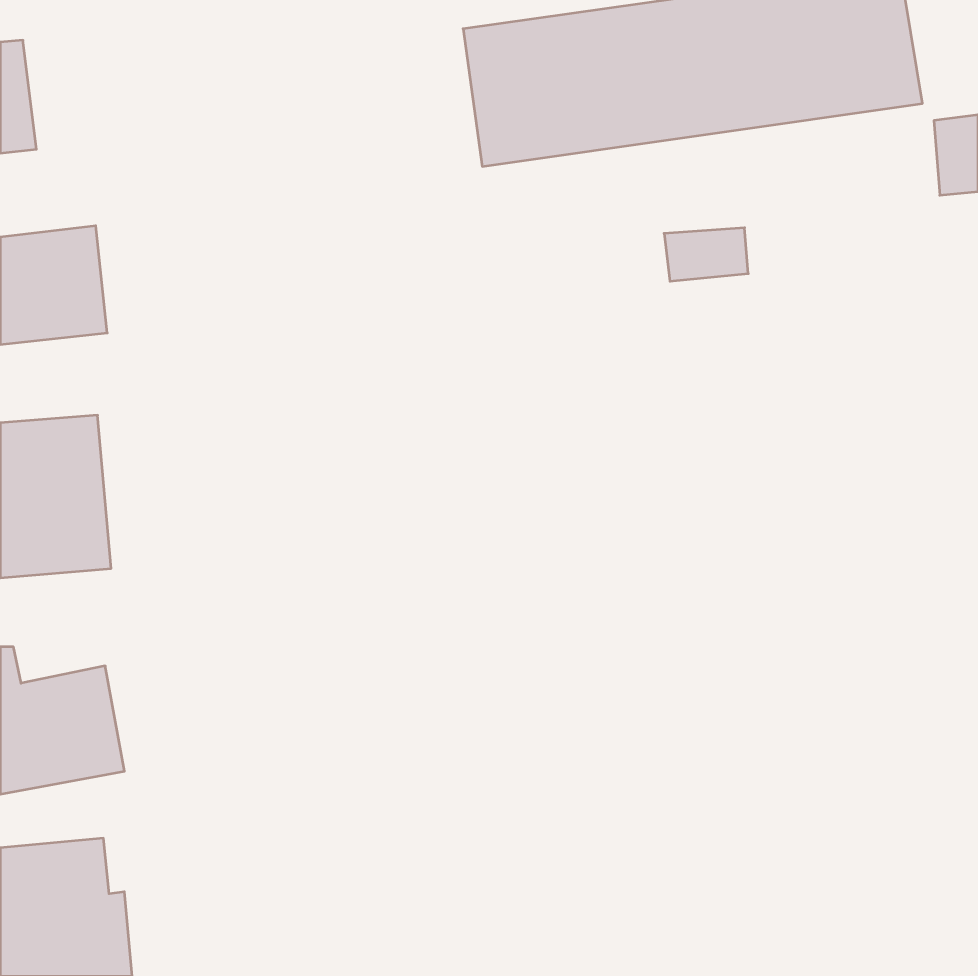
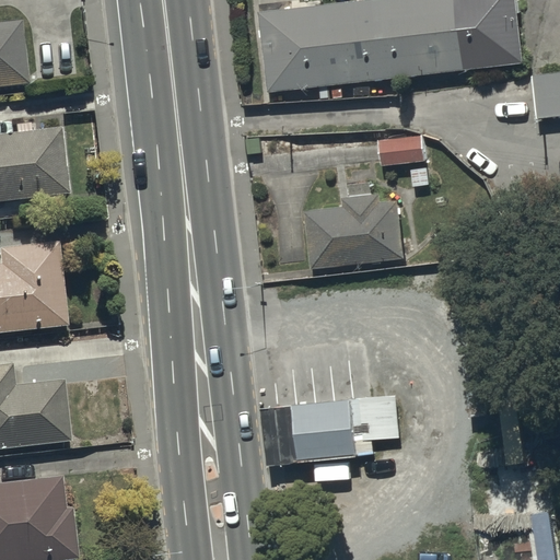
building: none -> [305,195,409,269]
building: none -> [277,395,374,463]

